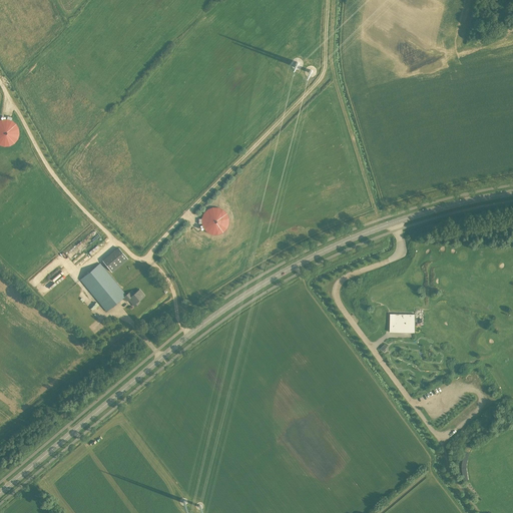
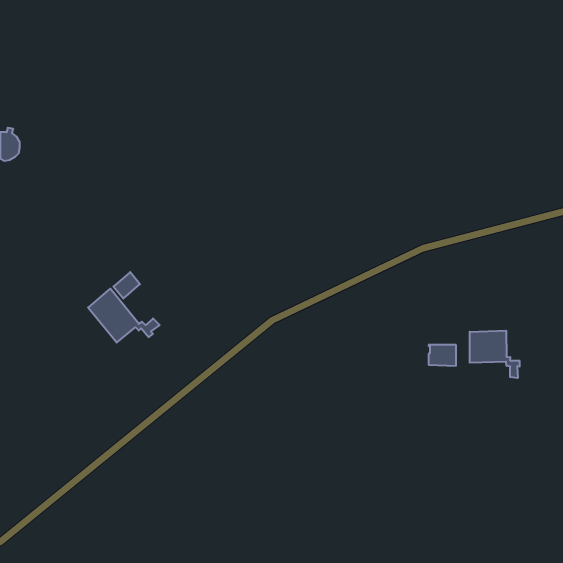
building: [198,208,228,233] -> none
building: none -> [470,331,520,378]

